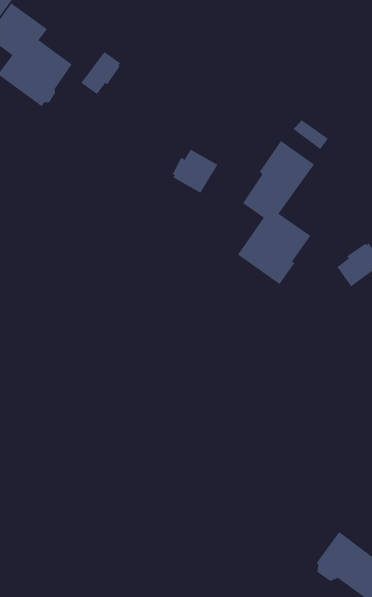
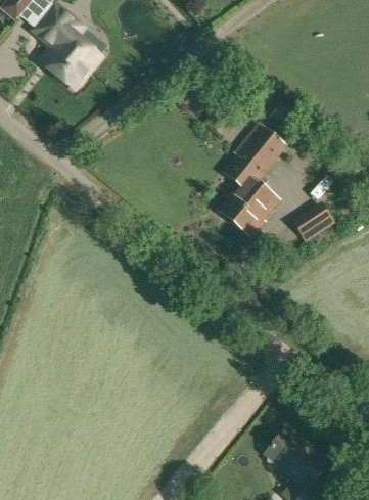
building: [80,51,121,95] -> none
building: [172,149,218,193] -> none

